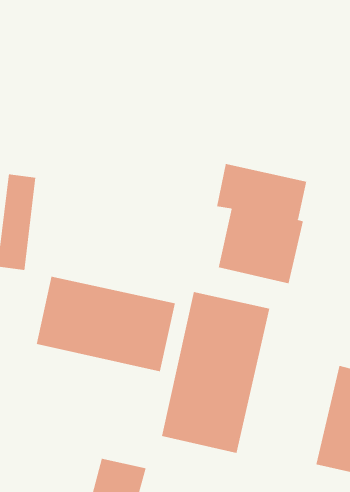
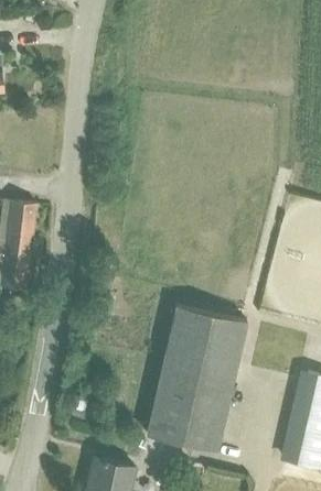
building: [217,163,307,284] -> none
building: [36,276,175,372] -> none

